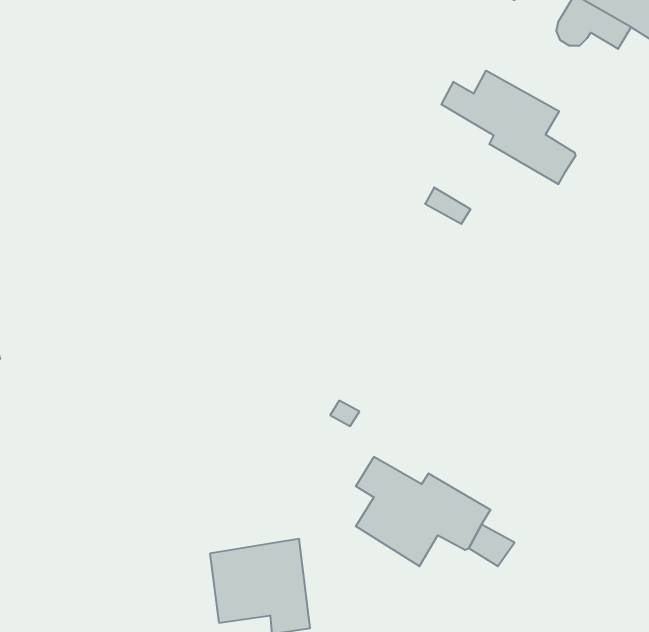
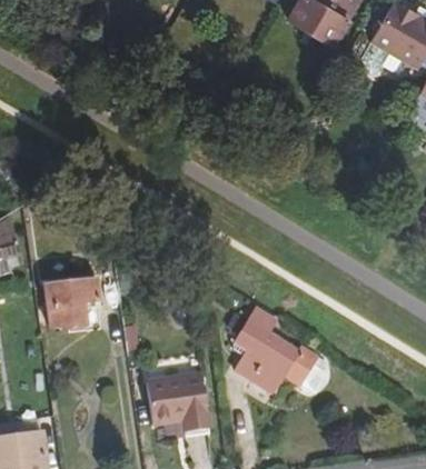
building: [441,71,575,184] -> none
building: none -> [43,279,97,327]

